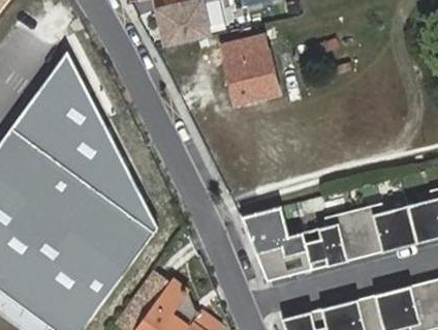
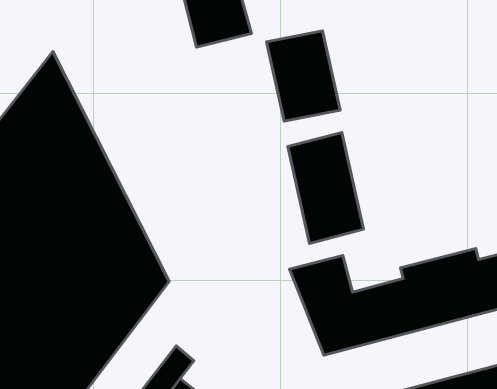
building: none -> [288,133,363,243]

